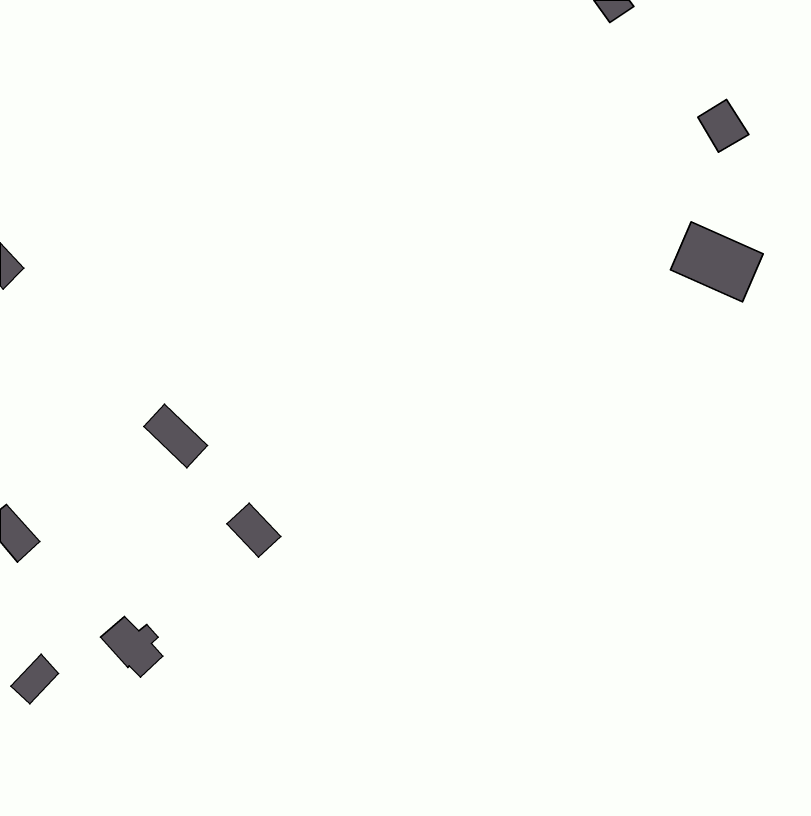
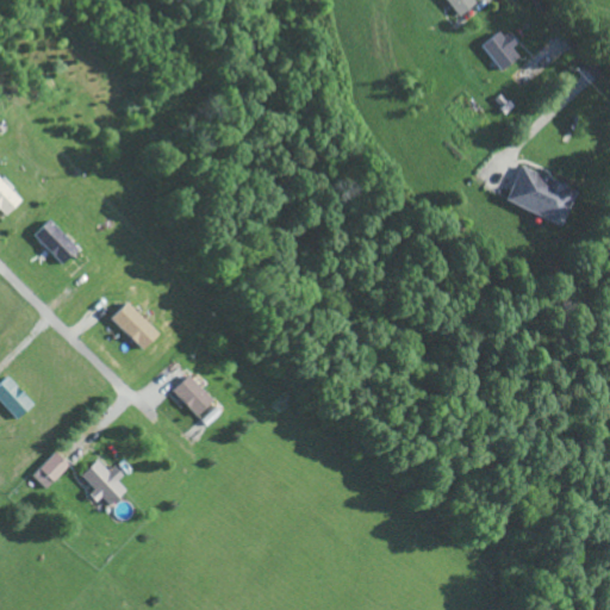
building: [698,99,749,152] -> [485,31,523,70]
building: none -> [35,219,79,264]
building: [11,654,59,704] -> [33,452,69,488]

